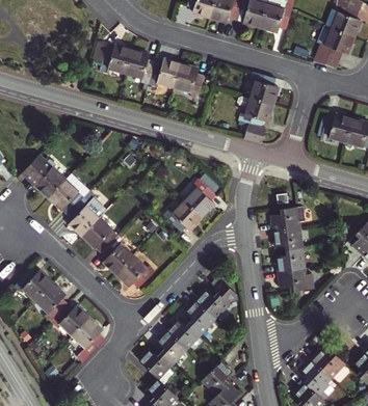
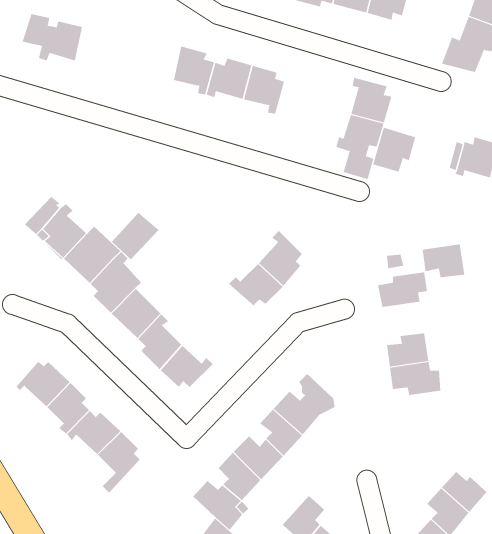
building: [88,39,131,73] -> [22,13,83,61]
building: none -> [373,127,416,172]
building: none -> [111,212,159,260]
building: [271,227,301,251] -> [422,244,465,278]

